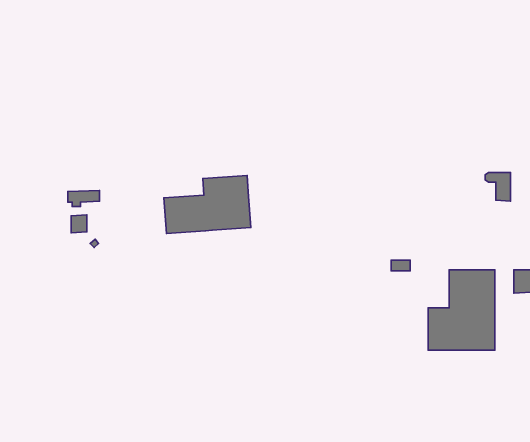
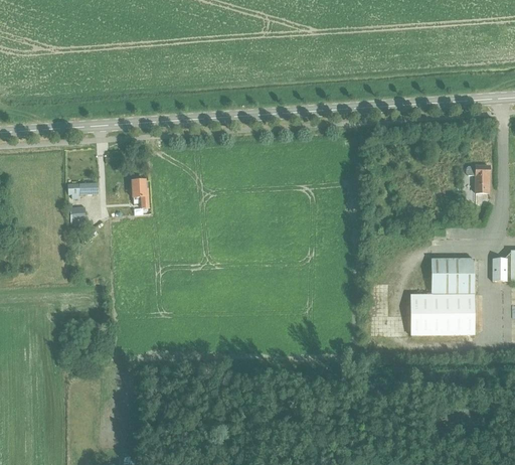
building: [164,175,251,234] -> none
building: none -> [132,178,148,207]

